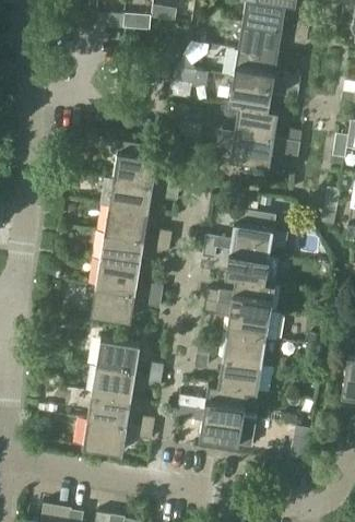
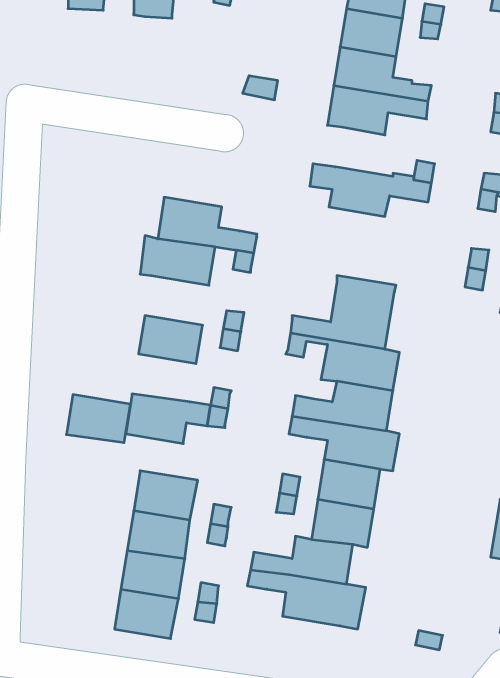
building: [235,105,279,139] -> none
building: [105,206,149,240] -> none
building: [96,260,140,293] -> [66,395,130,443]

